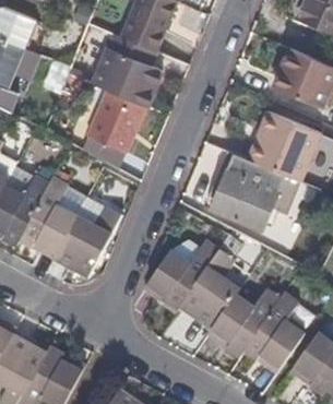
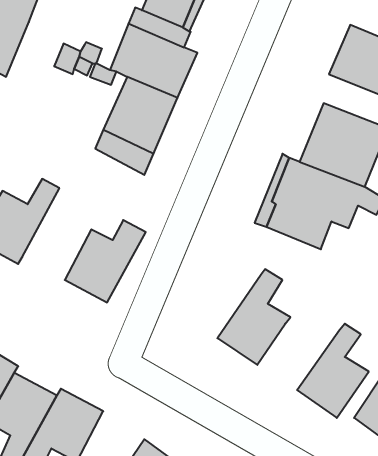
building: [20,179,76,258] -> none
building: [143,240,216,312] -> none
building: [212,288,281,352] -> none

